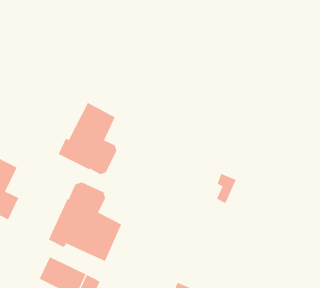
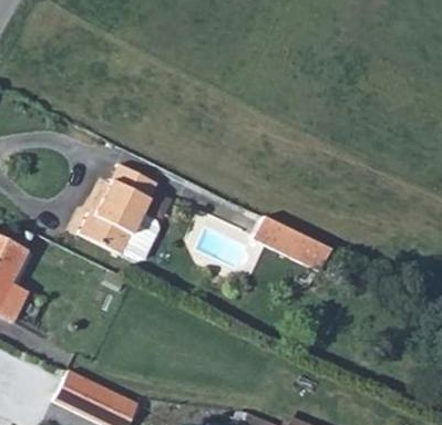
building: none -> [254,217,307,257]
building: [48,181,122,262] -> none

